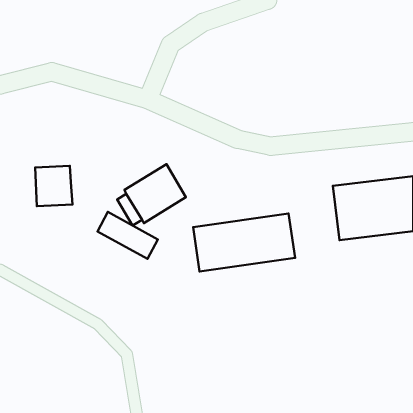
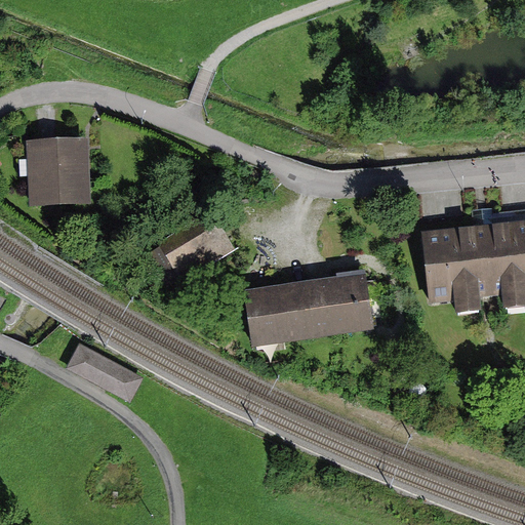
building: [35,166,72,206] -> [37,151,84,202]
building: [97,212,158,259] -> [67,342,144,402]

